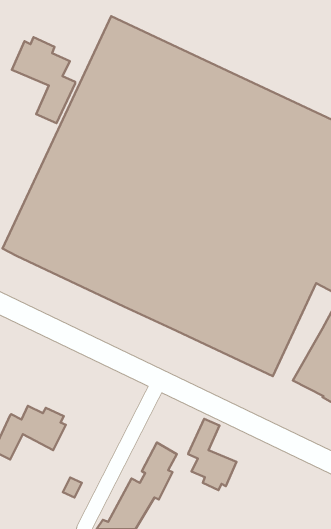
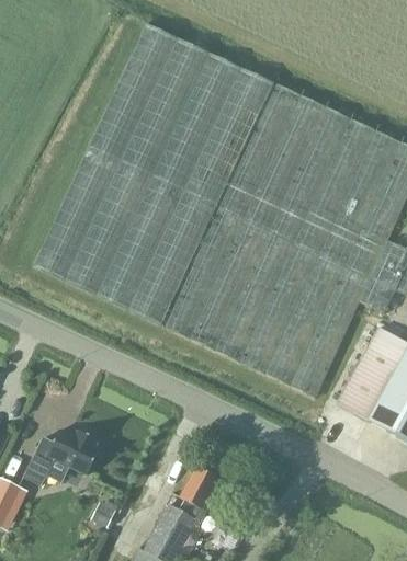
building: [12,37,75,123] -> none
building: [188,419,237,490] -> none

